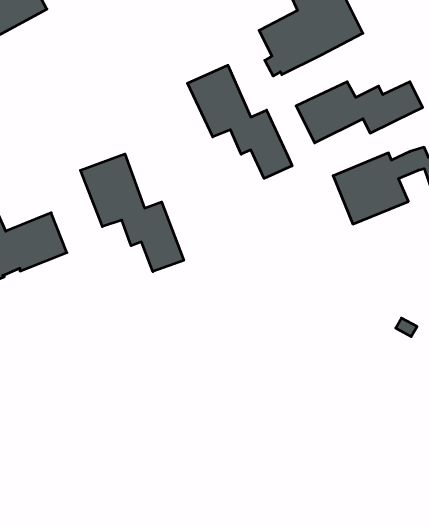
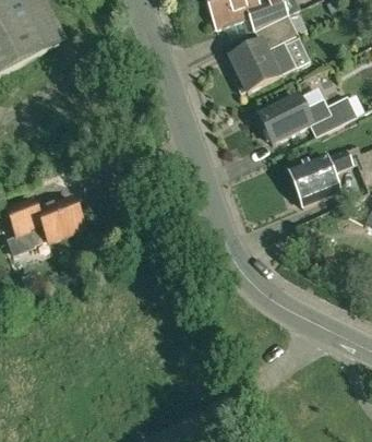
building: [187,65,292,178] -> none
building: [80,154,184,272] -> none

